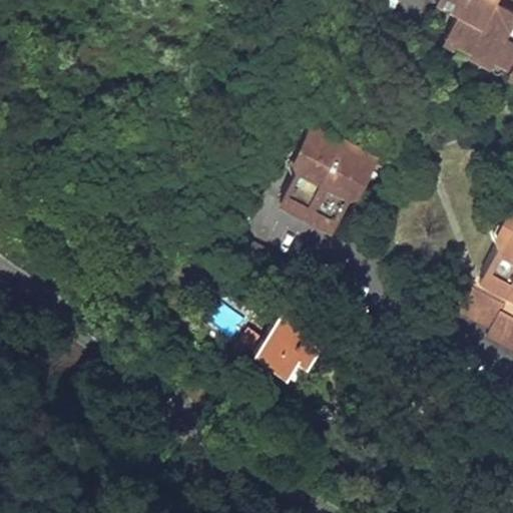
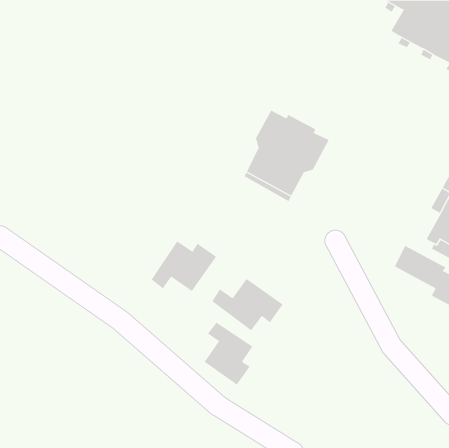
building: none -> [151,240,217,292]
building: none -> [204,322,253,385]

